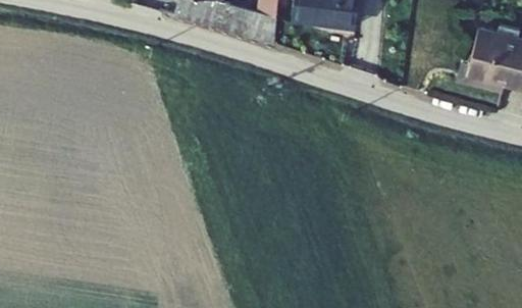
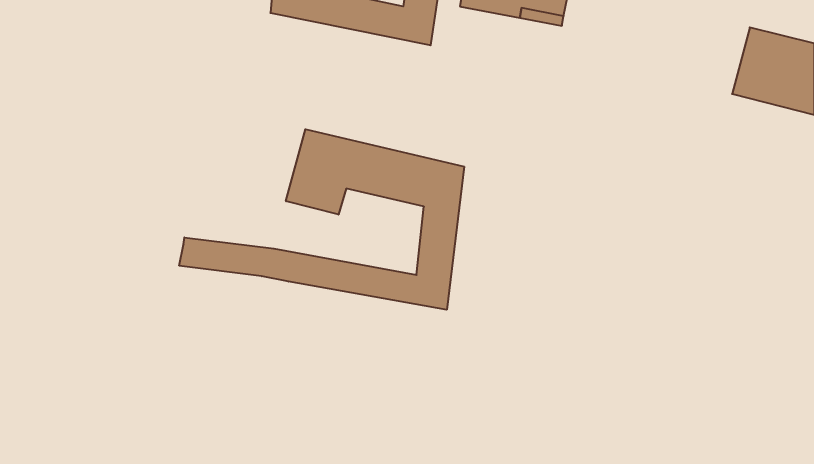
building: none -> [179,129,464,310]

